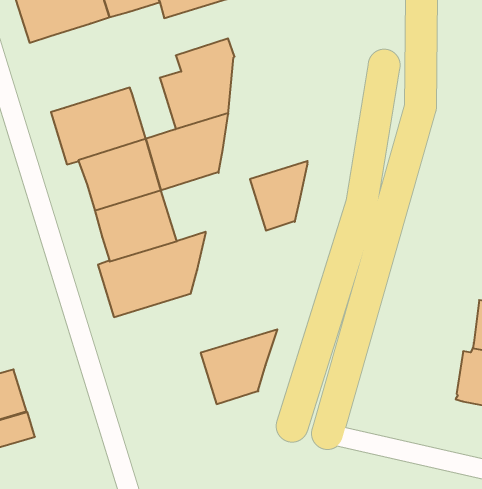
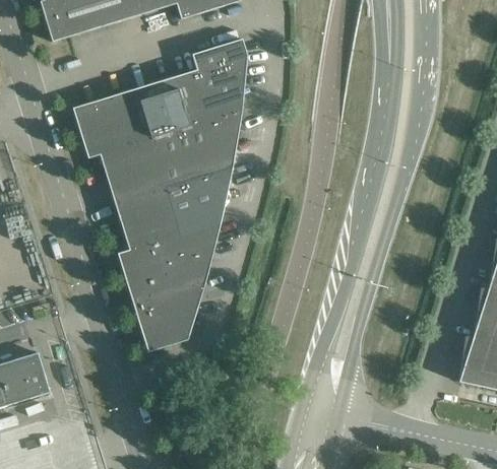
building: none -> [148,74,192,132]
building: [250,161,308,231] -> [178,163,233,229]
building: [201,329,277,404] -> [133,279,206,350]

